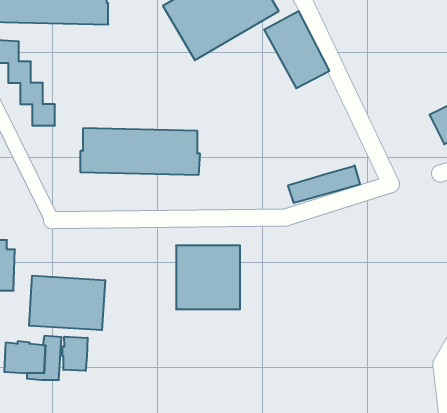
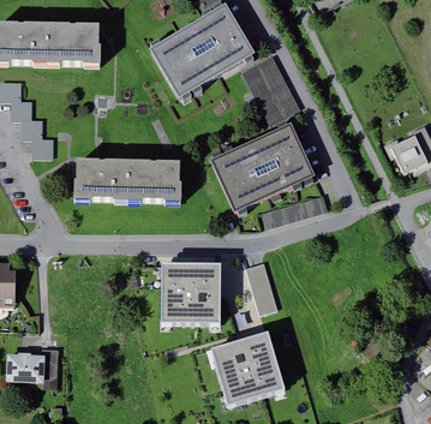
building: none -> [211,123,316,211]
building: none -> [243,263,276,315]
building: [29,276,105,330] -> none
building: none -> [208,330,288,408]
building: [62,337,88,371] -> none

